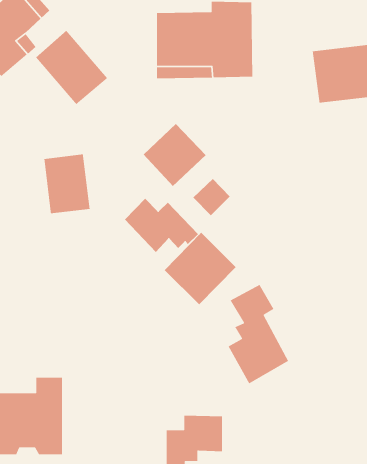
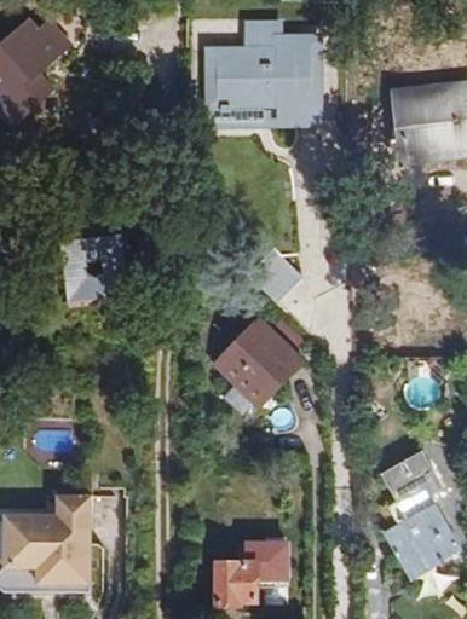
building: [35,30,108,105] -> none
building: [143,123,206,187] -> none
building: [124,198,199,253] -> none
building: [227,284,289,385] -> [382,453,459,578]

